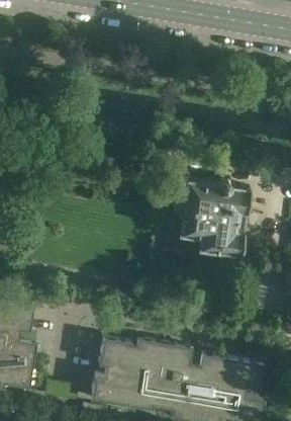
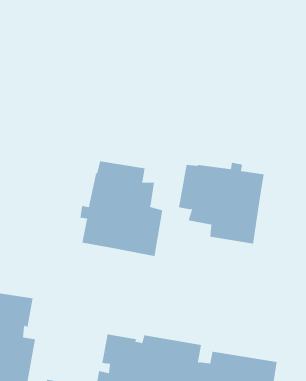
building: none -> [80,160,163,257]

